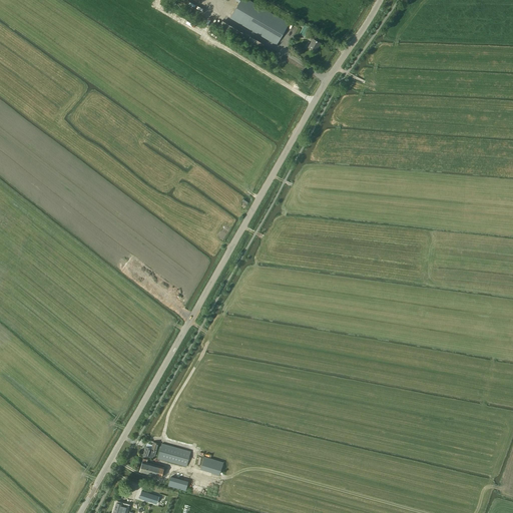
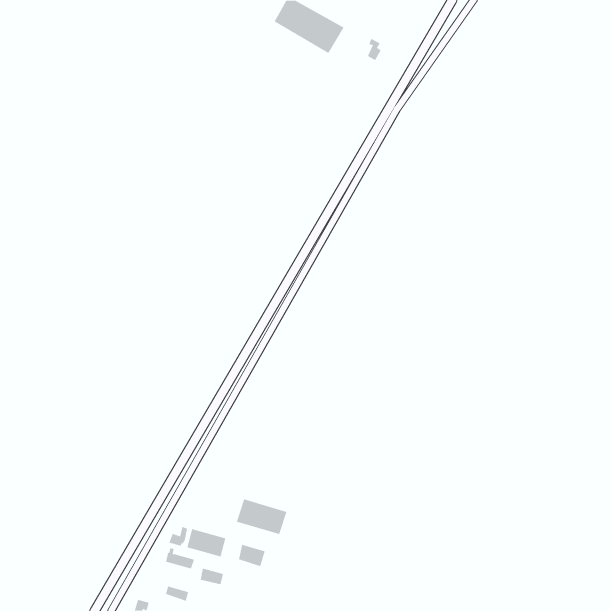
building: none -> [236,499,287,535]

